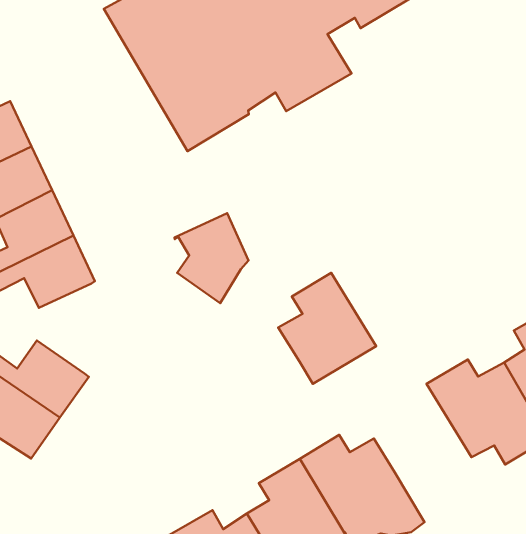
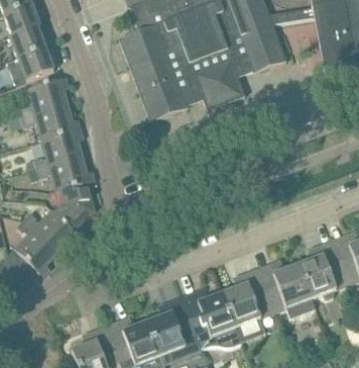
building: [175,213,249,303] -> [54,183,94,231]
building: [278,273,376,384] -> [223,268,273,326]

